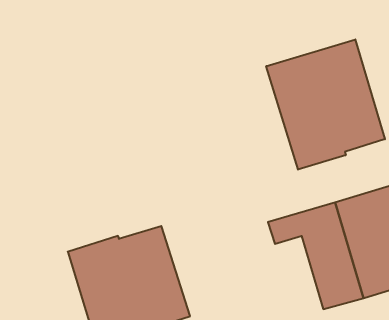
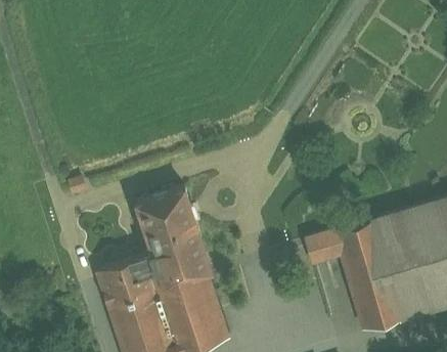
building: [266,39,385,170] -> none
building: none -> [135,190,202,257]

